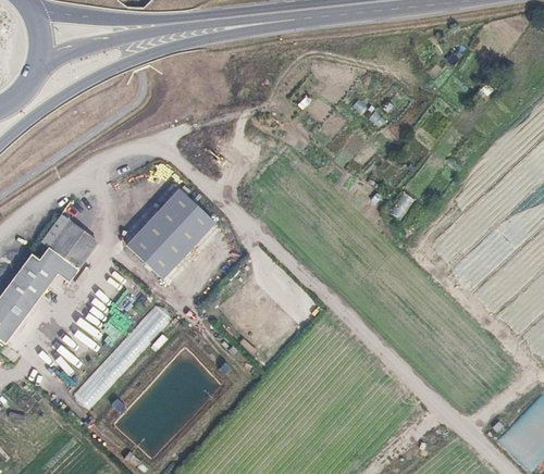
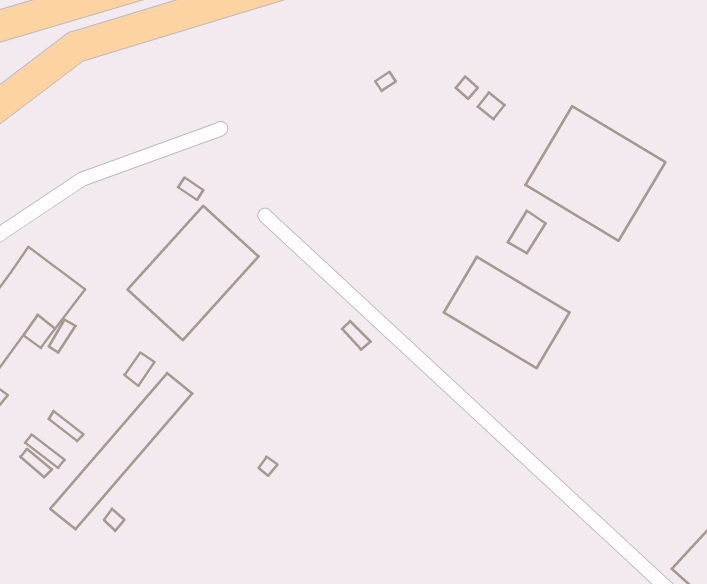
building: none -> [525,106,665,241]
building: none -> [444,257,570,368]

